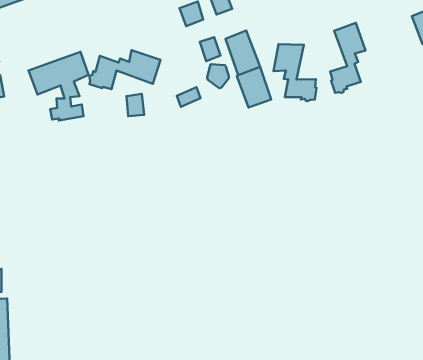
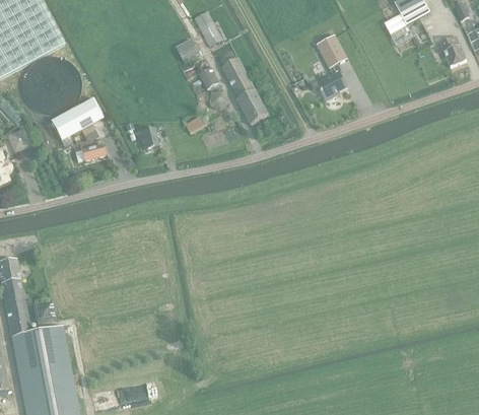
building: [274,44,317,101] -> none
building: [89,50,160,89] -> none

